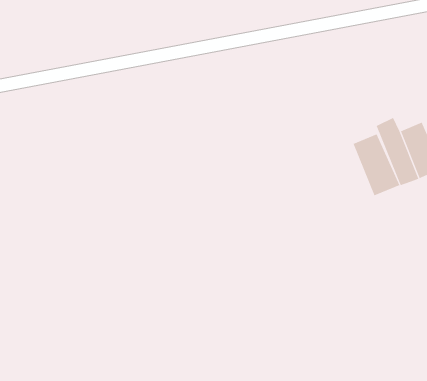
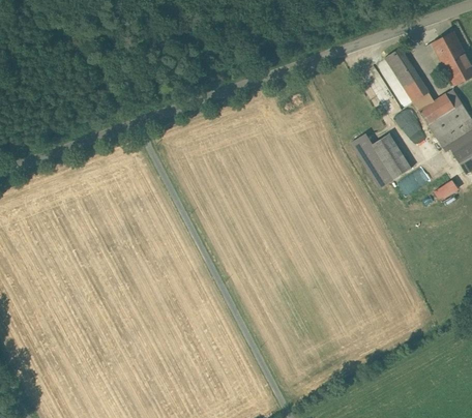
building: [353,133,400,196] -> none

